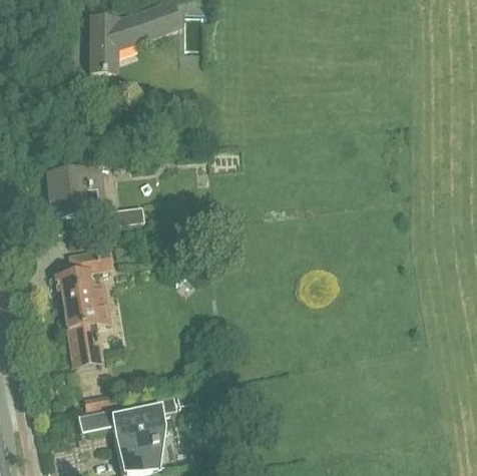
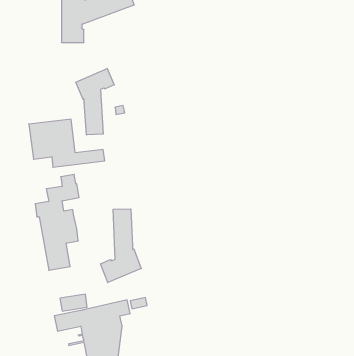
building: none -> [76,68,114,135]
building: none -> [101,209,141,283]

